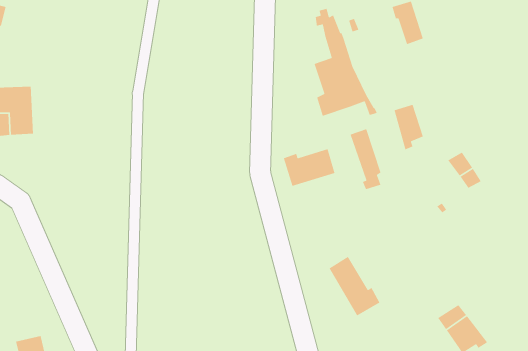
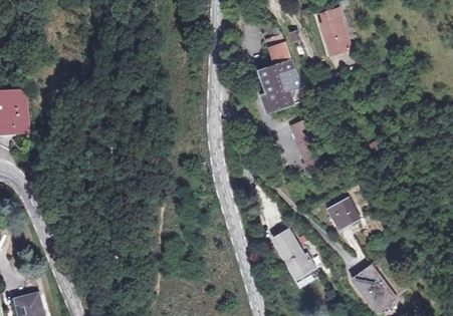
building: [394,104,424,150] -> none
building: [283,148,336,187] -> none
building: none -> [329,199,359,227]

